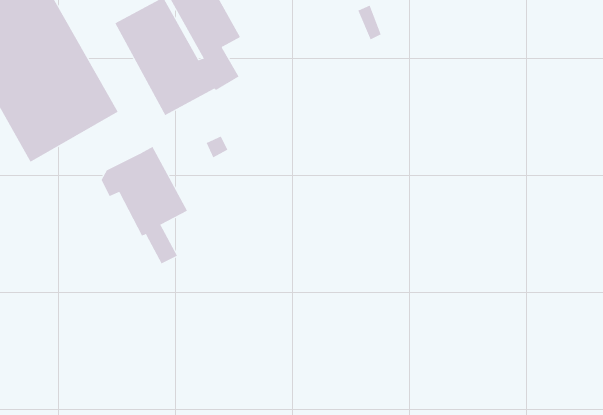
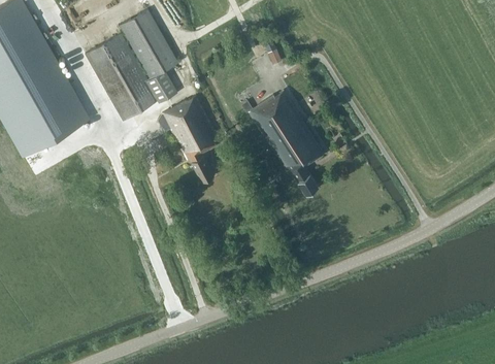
building: none -> [241,92,324,196]
building: [101,146,188,264] -> [157,96,221,183]

